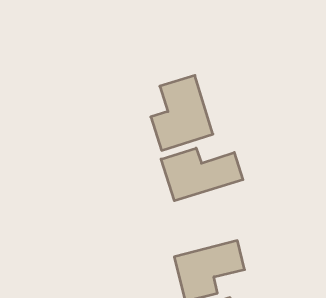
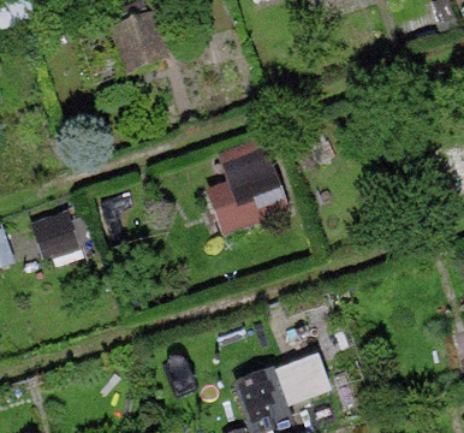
building: [161,148,243,201] -> none

